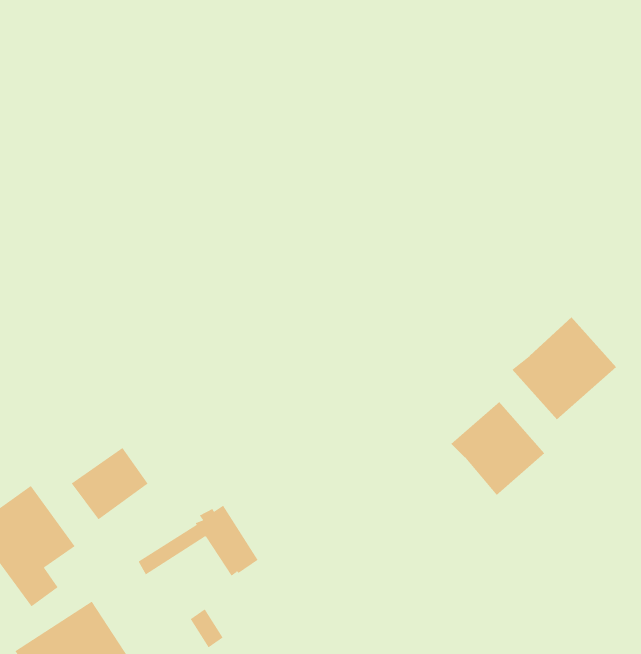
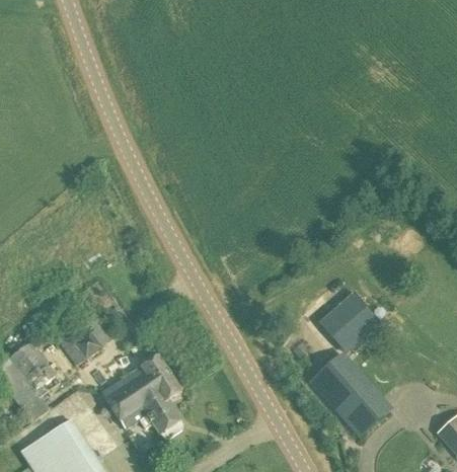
building: [511,316,617,420] -> none
building: none -> [311,355,390,436]
building: none -> [107,376,182,439]

